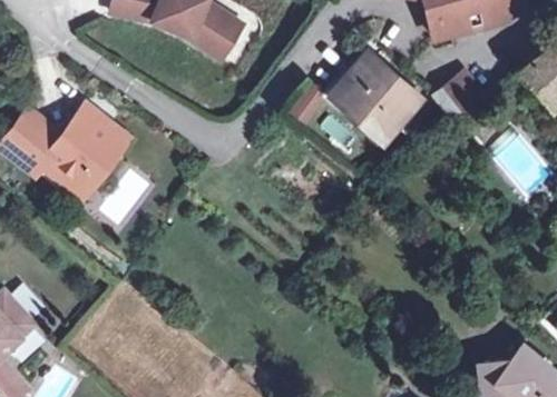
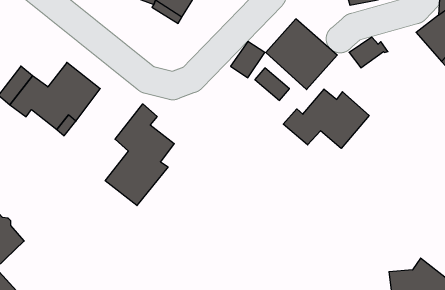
building: none -> [283,89,369,148]
building: none -> [105,104,174,206]

